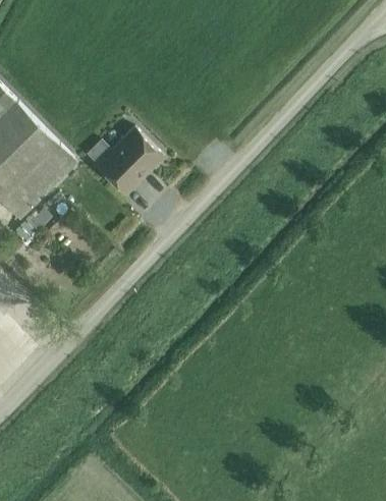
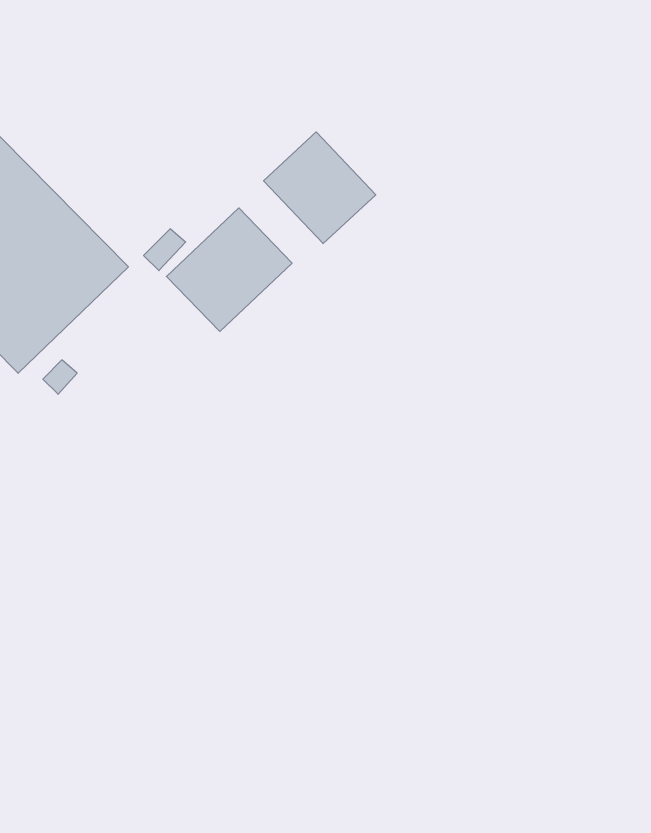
building: none -> [264,132,376,244]

